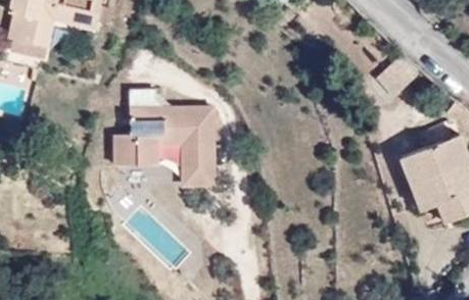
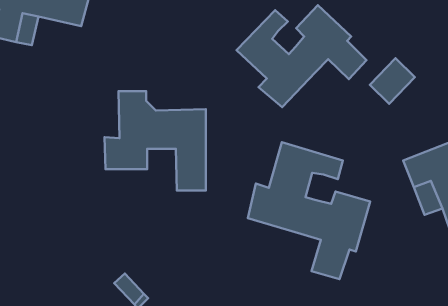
building: none -> [236,5,366,107]
building: none -> [248,142,370,279]

